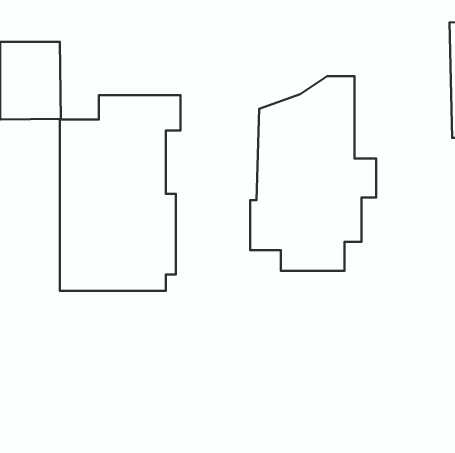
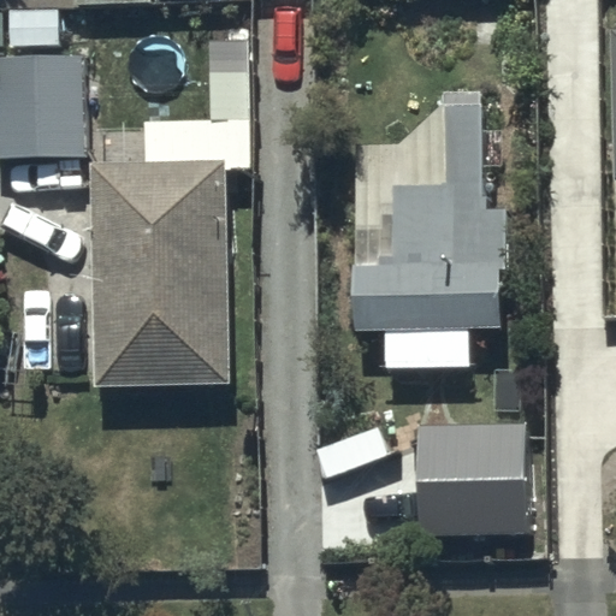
building: none -> [419,433,538,532]

